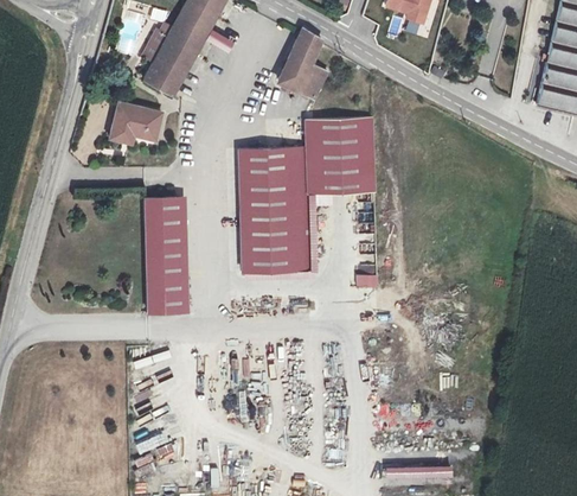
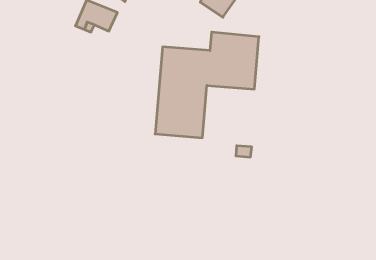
building: [143,195,179,311] -> none

